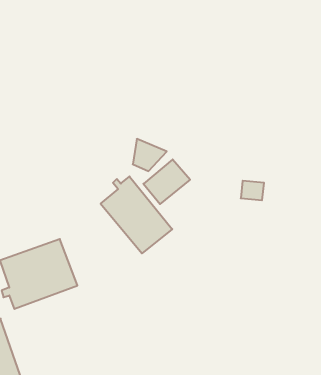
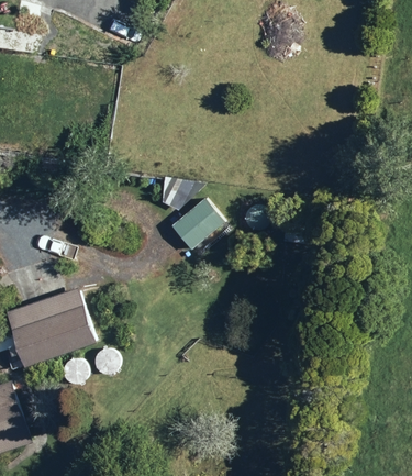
building: [101,176,172,253] -> none

